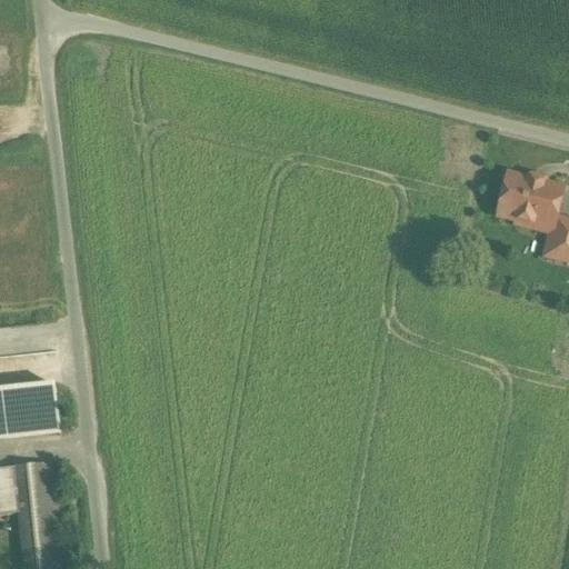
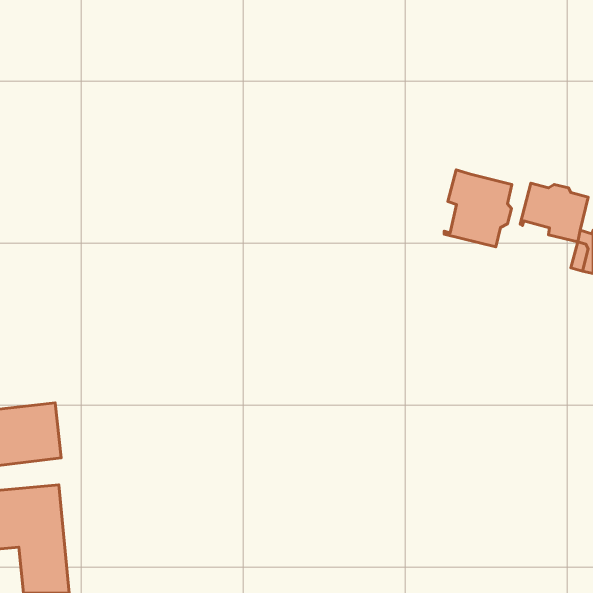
building: none -> [444,170,512,247]

